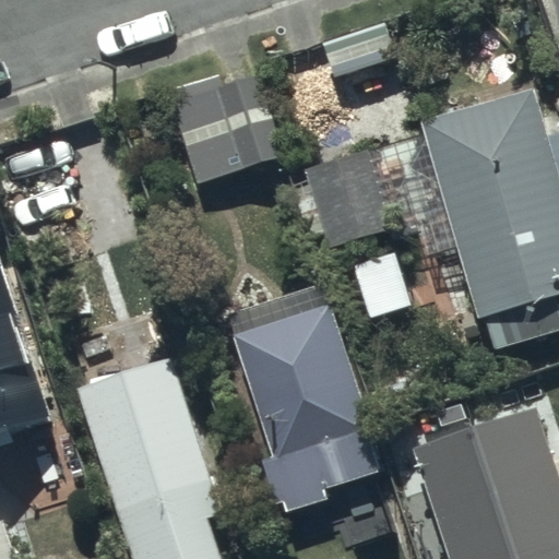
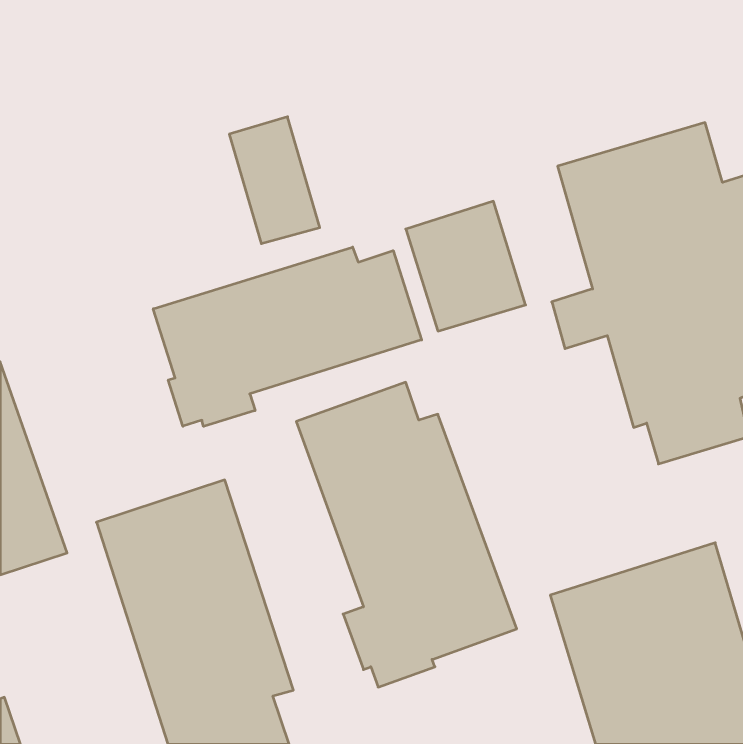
building: none -> [153,247,422,426]

